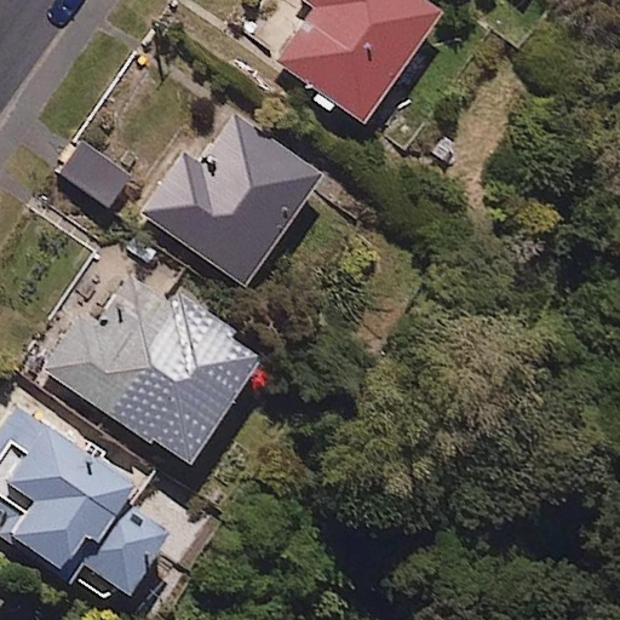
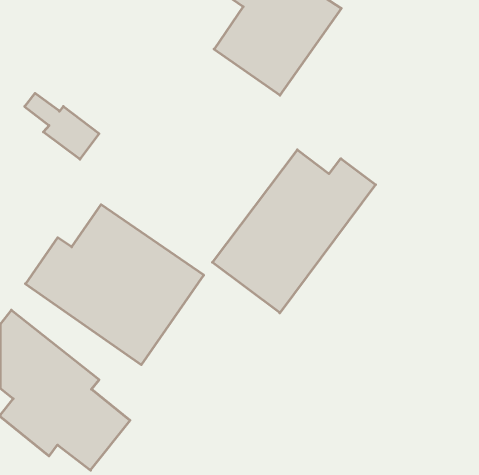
building: [140,109,322,286] -> none
building: none -> [212,150,376,313]

